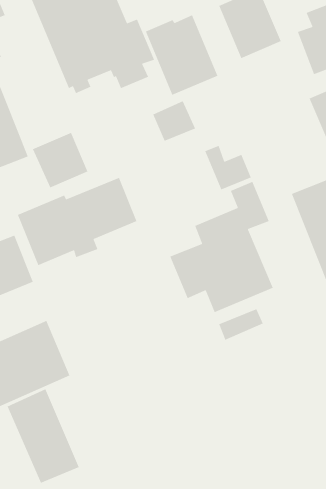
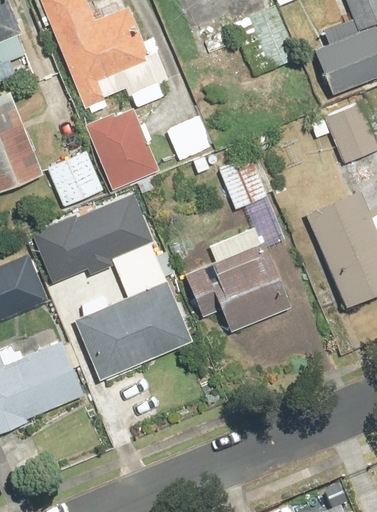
building: [145,14,219,96] -> [85,108,159,190]
building: none -> [55,243,193,380]
building: [6,388,80,484] -> none

